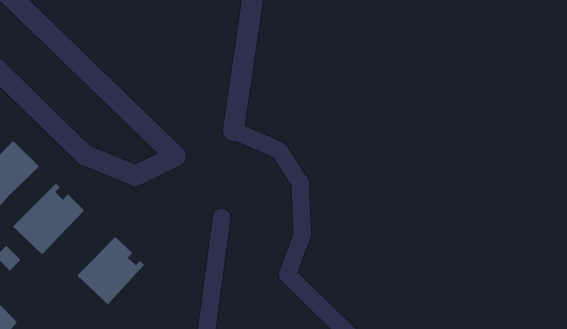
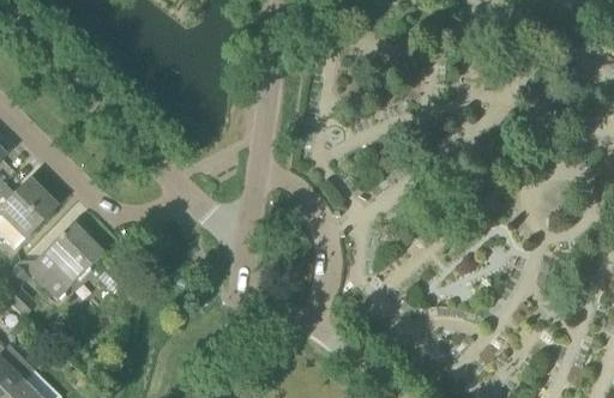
building: [77,236,145,305] -> none

